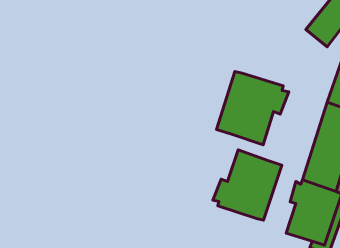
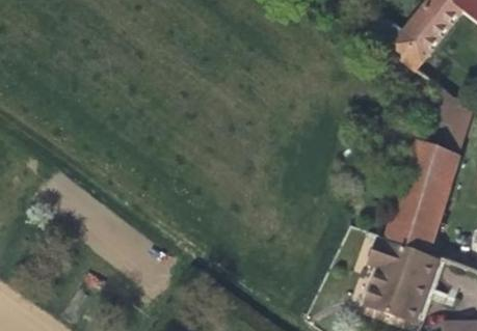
building: [216,71,289,145] -> none
building: [213,150,282,220] -> none

